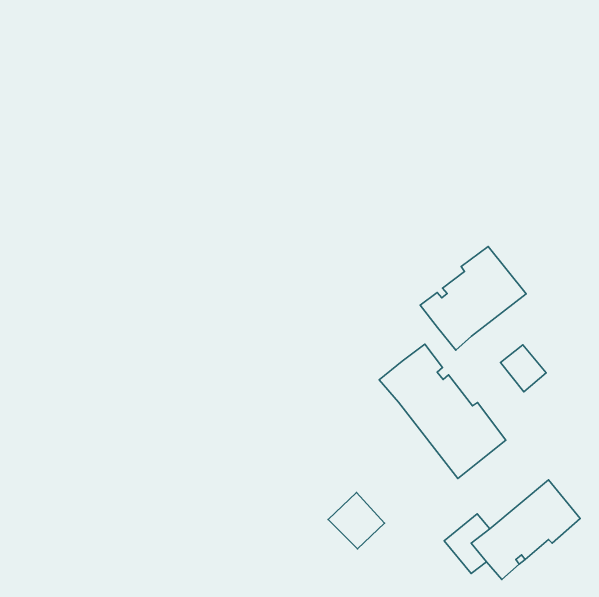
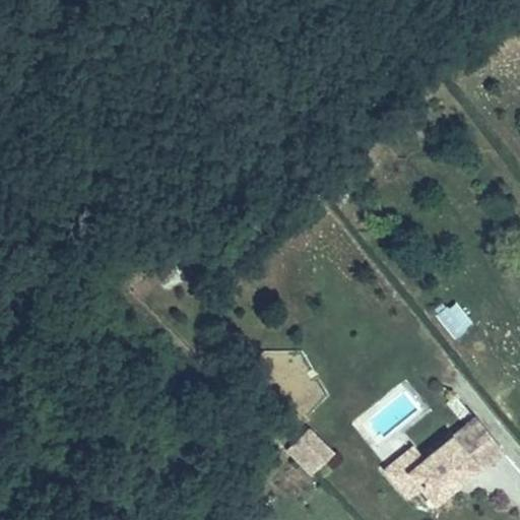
building: [420,247,526,350] -> none
building: [379,344,506,479] -> none

